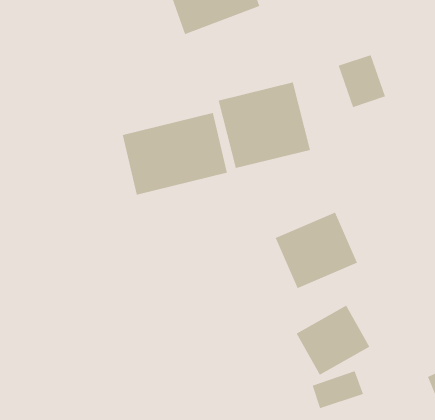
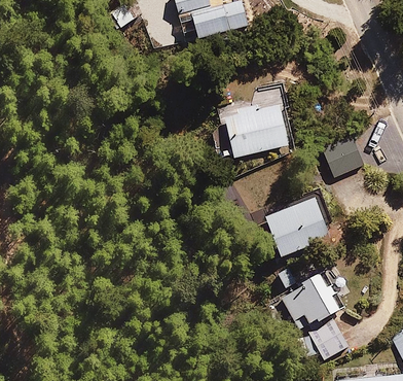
building: [338,54,386,108] -> [322,131,362,175]
building: [122,112,227,195] -> none

